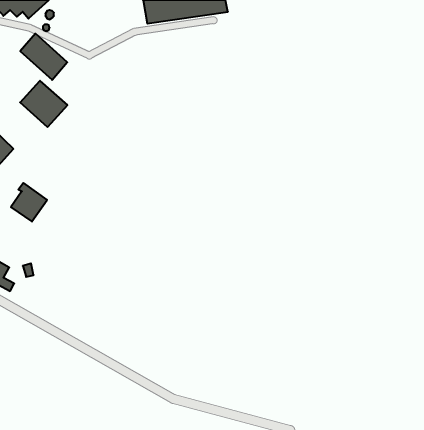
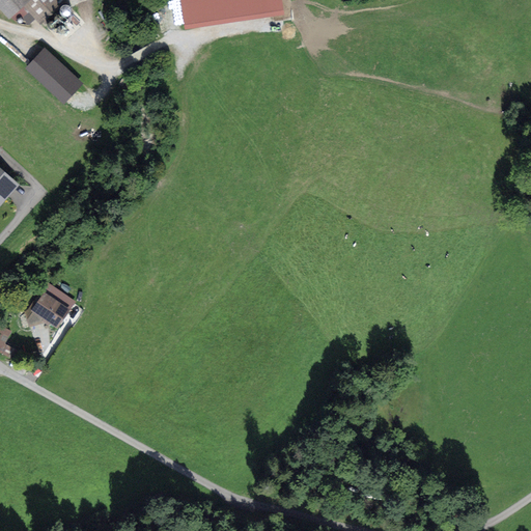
building: [20,81,67,127] -> none
building: [11,183,47,222] -> [28,282,73,330]

